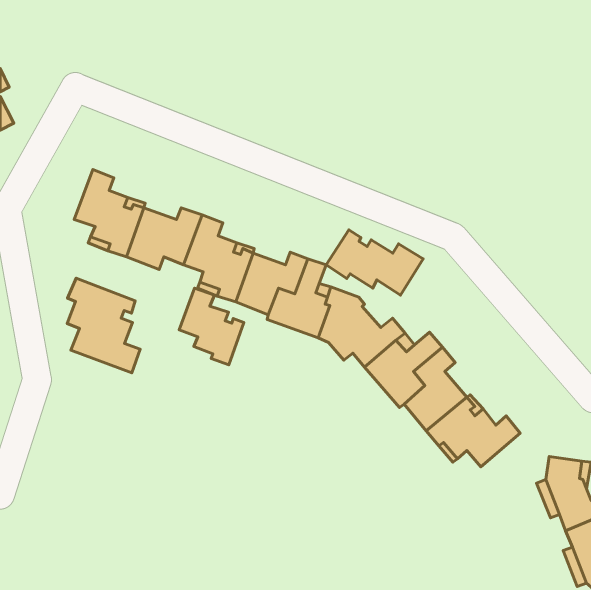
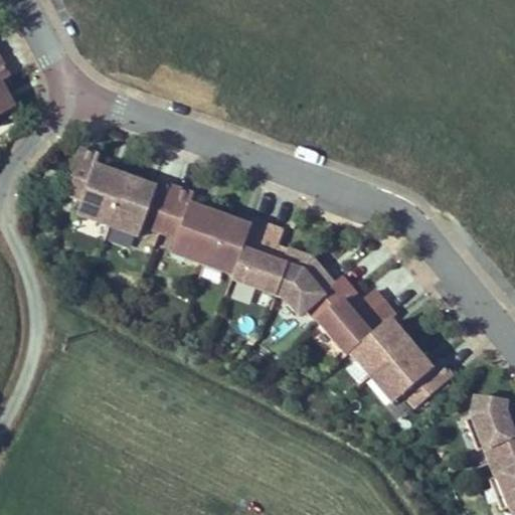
building: [326,230,423,295] -> none
building: [67,278,140,373] -> none
building: [179,288,244,365] -> none

